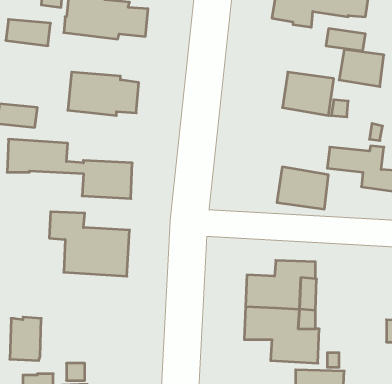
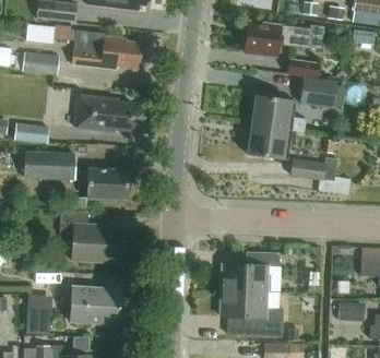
building: [277,167,328,209] -> [248,124,290,159]
building: none -> [70,286,120,324]

